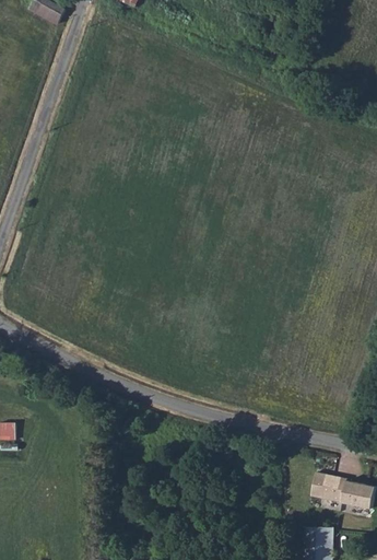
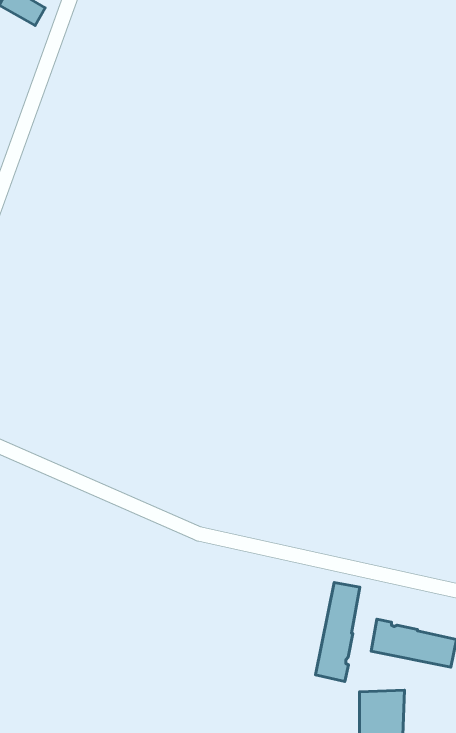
building: none -> [316,582,360,682]

